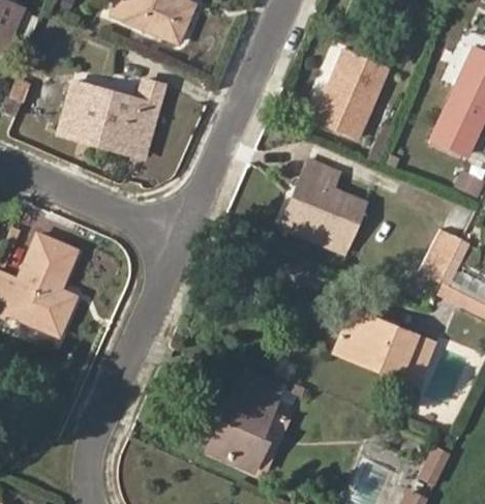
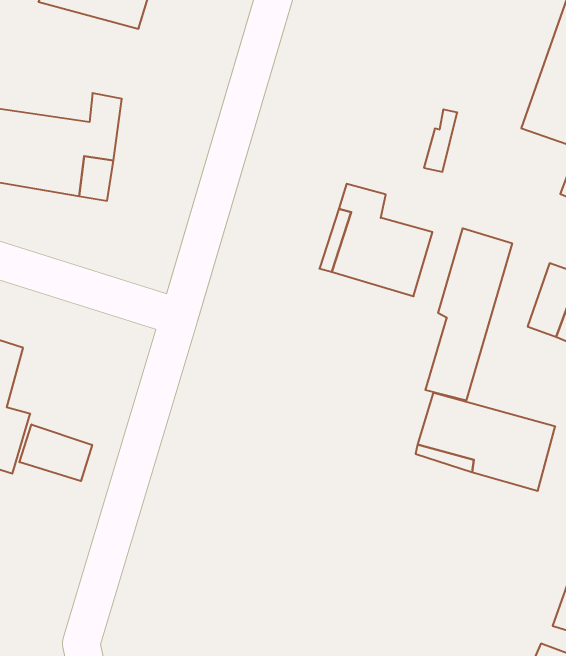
building: [307,53,387,138] -> none
building: none -> [425,228,512,400]
building: none -> [19,424,92,481]
building: [207,378,280,471] -> none

